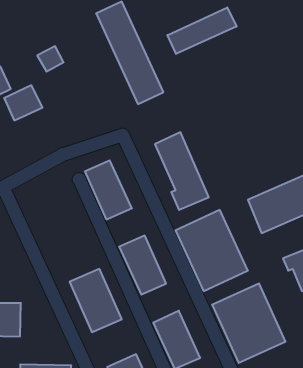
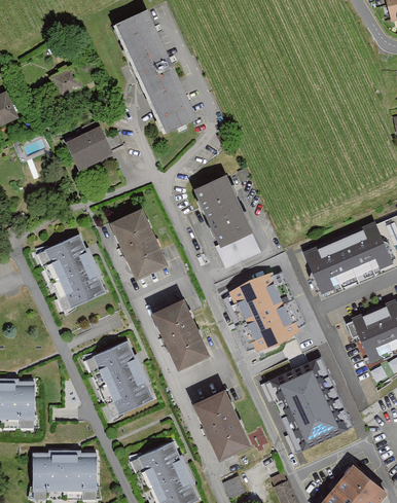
building: [167,7,237,54] -> none
building: [4,85,42,120] -> [70,132,116,174]
building: none -> [43,233,105,308]

